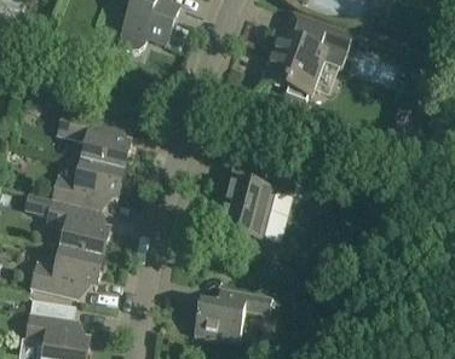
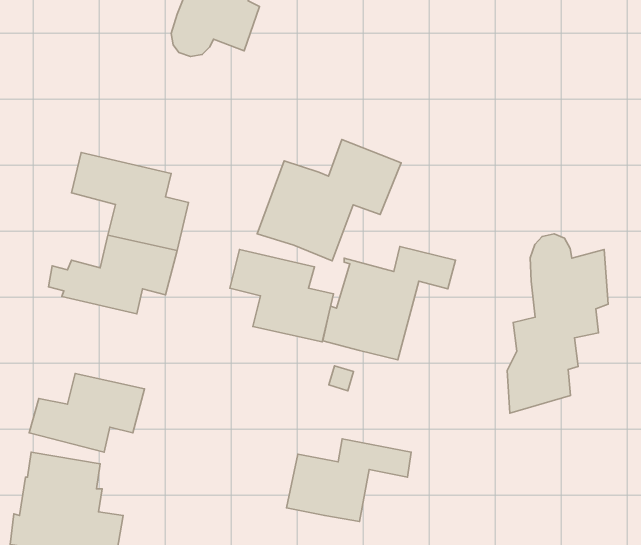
building: [261,22,352,98] -> [257,140,401,261]
building: none -> [507,234,608,413]
building: [45,199,110,257] -> [230,250,334,342]

